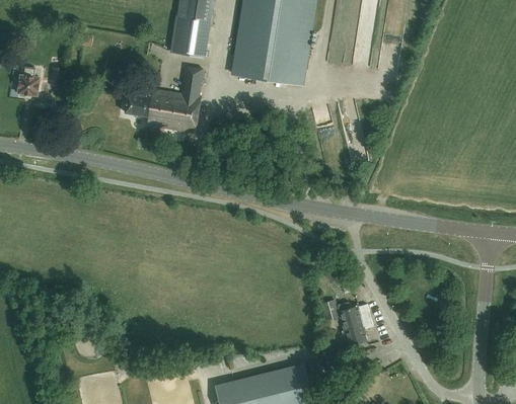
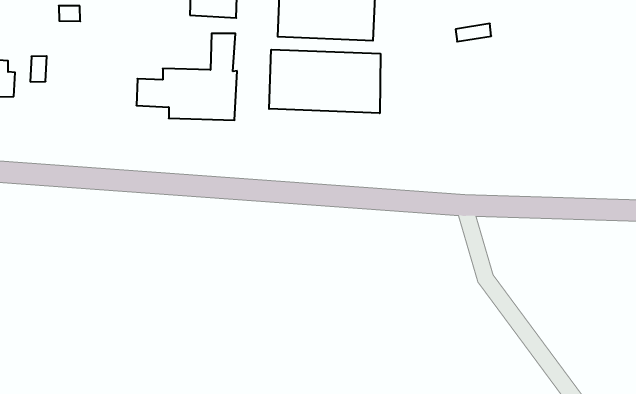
building: none -> [269,50,380,113]
building: [320,299,372,344] -> none

